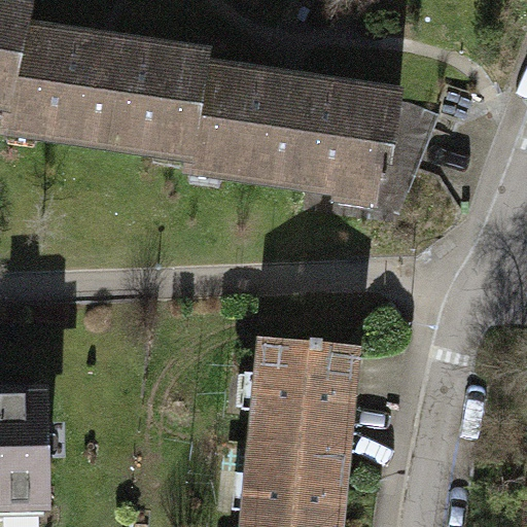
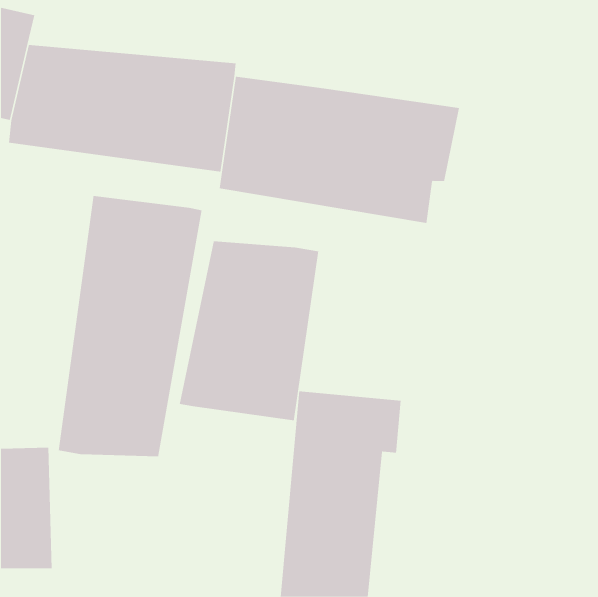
building: none -> [58,195,202,457]
building: none -> [179,241,319,421]

